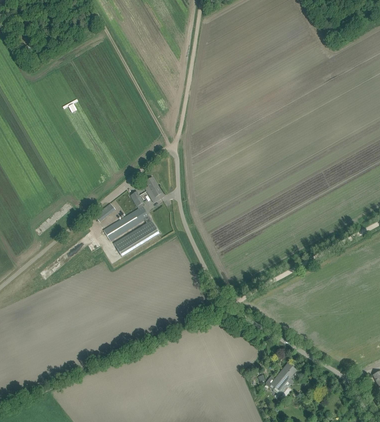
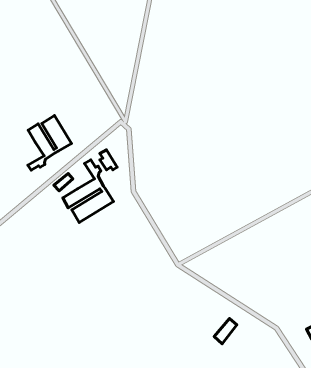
building: none -> [28,116,71,170]

